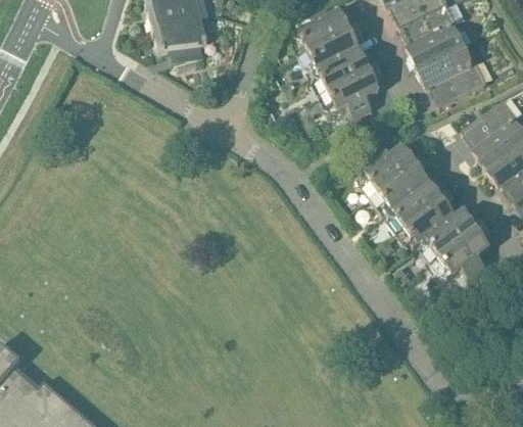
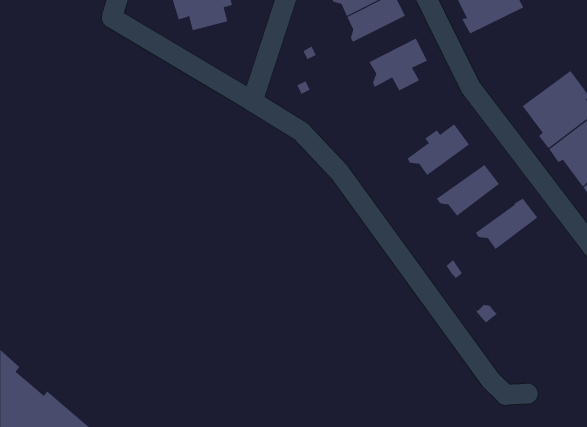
building: [418,43,489,105] -> none
building: [315,50,371,91] -> none
building: [380,163,431,211] -> none
building: [407,198,457,248] -> none
building: [440,228,491,278] -> none

